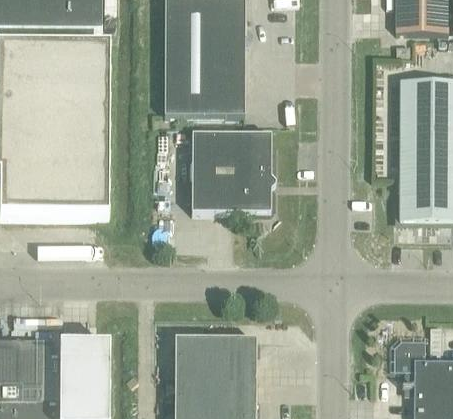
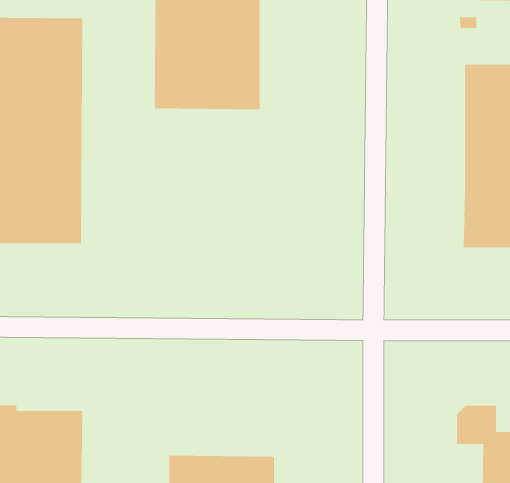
building: [192,134,271,213] -> none
building: [175,339,256,380] -> none

